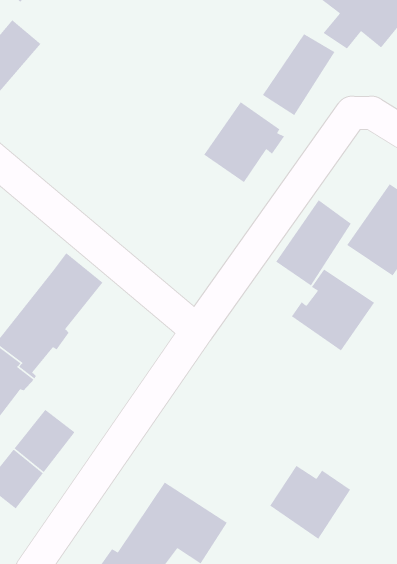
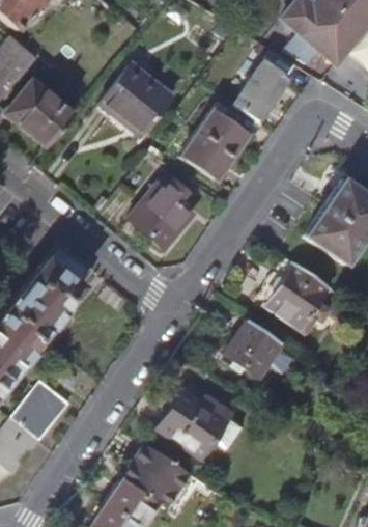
building: none -> [102,62,175,136]
building: none -> [6,79,75,146]
building: none -> [128,183,188,244]
building: [275,199,352,287] -> none
building: none -> [226,320,284,378]
building: [269,465,351,540] -> [160,392,232,459]

